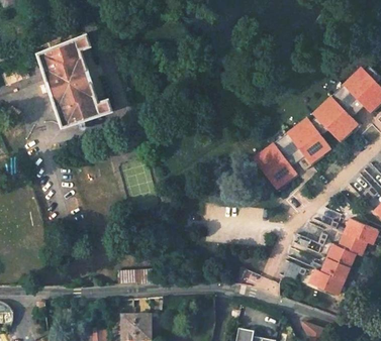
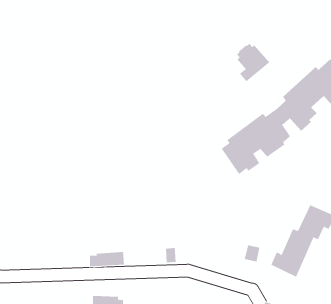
building: [36,31,110,125] -> none
building: none -> [236,43,270,82]

